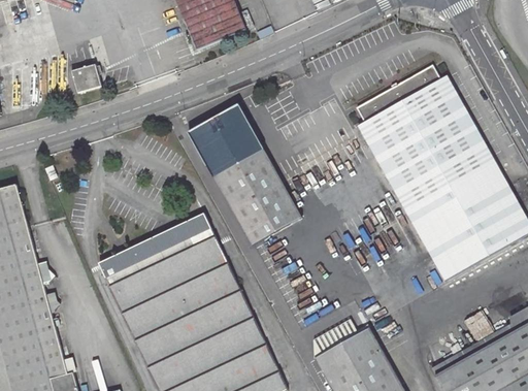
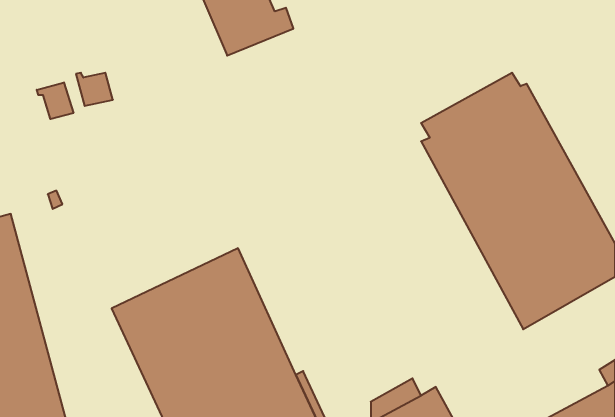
building: none -> [37,82,73,119]
building: [192,104,306,247] -> none

